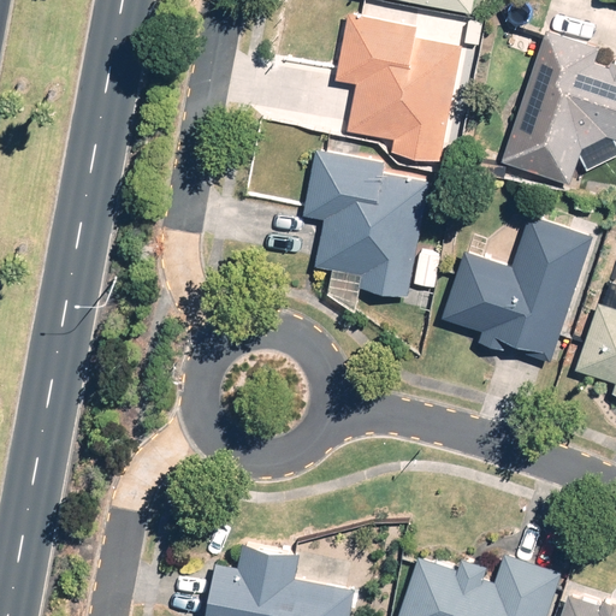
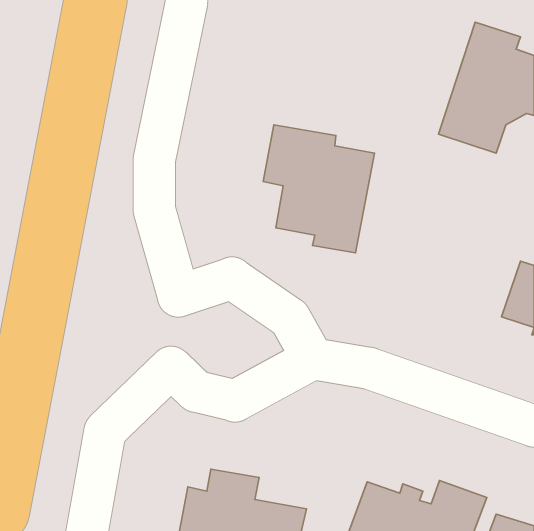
building: [337,14,460,160] -> none
building: [443,217,591,361] -> none

